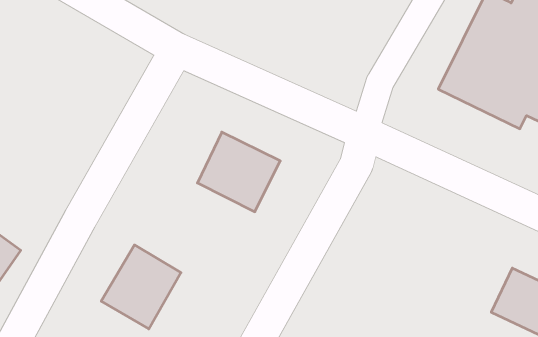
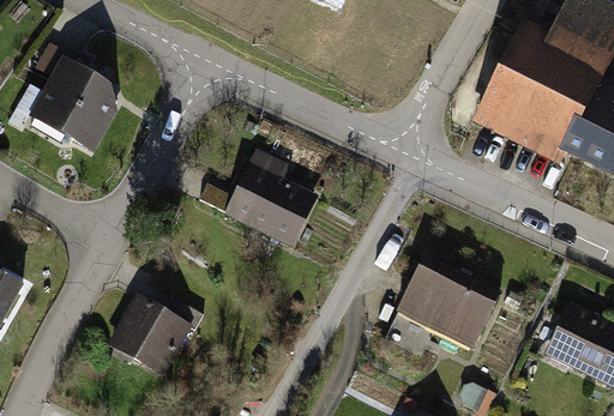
building: none -> [28,59,120,153]
building: none -> [398,267,493,350]

